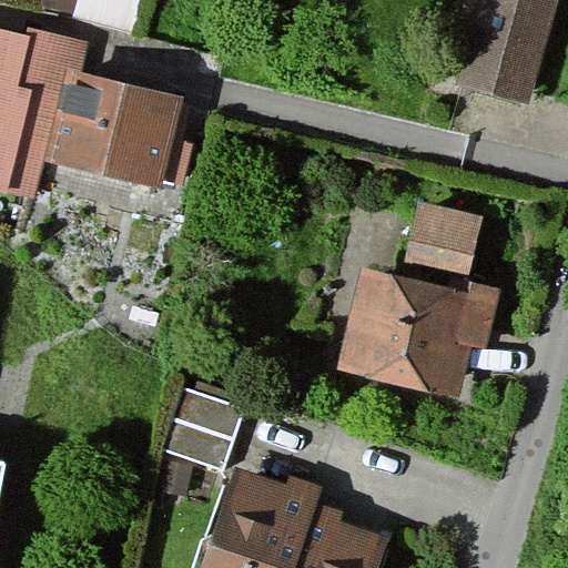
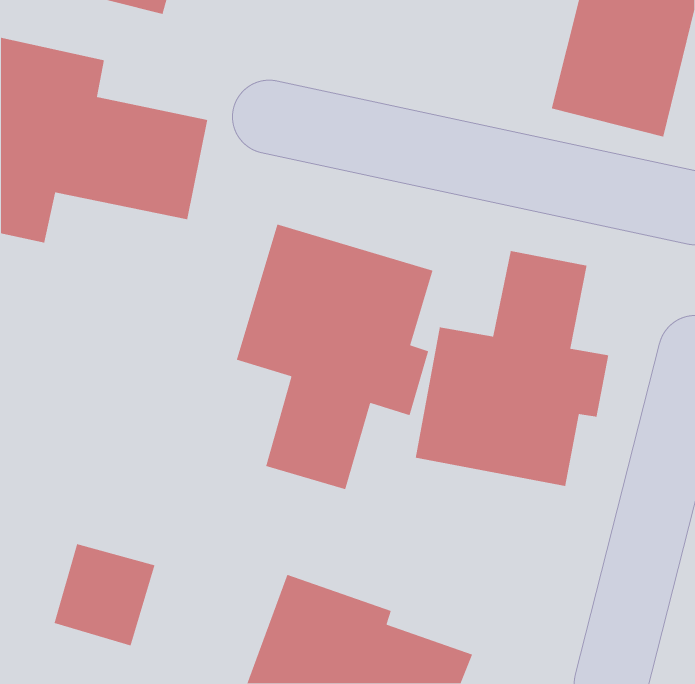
building: none -> [236,223,434,490]
building: [161,386,244,470] -> [54,543,156,647]

